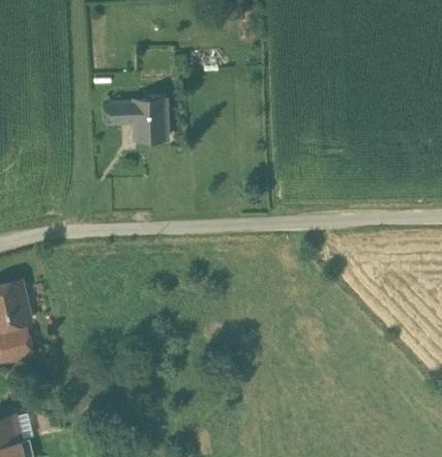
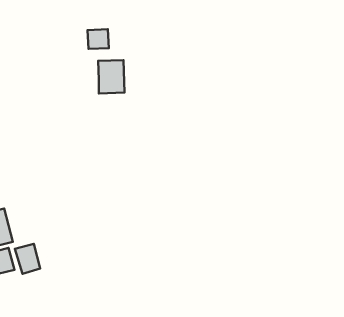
building: [108,102,134,125] -> [88,29,109,49]
building: none -> [15,244,40,274]

